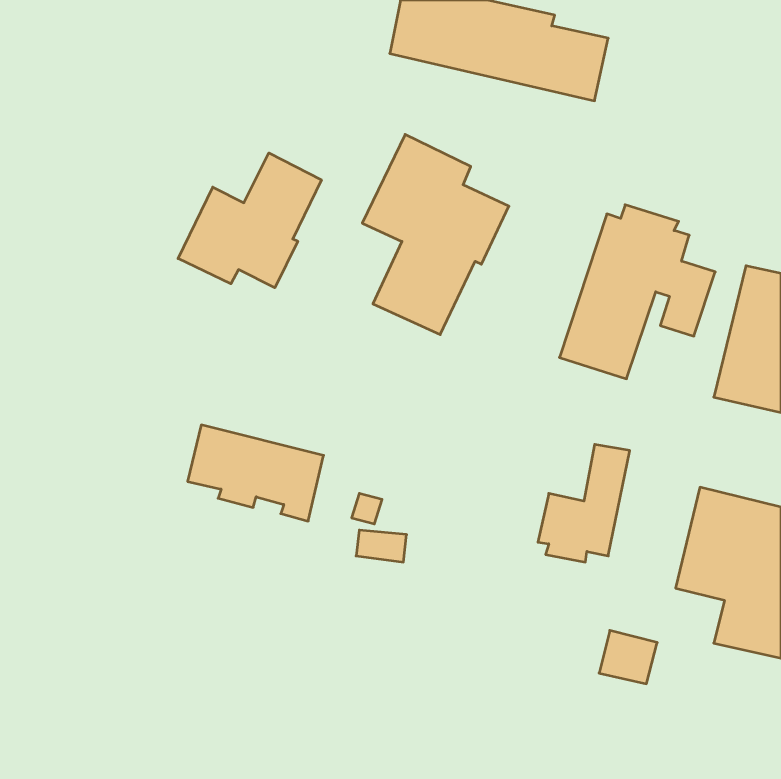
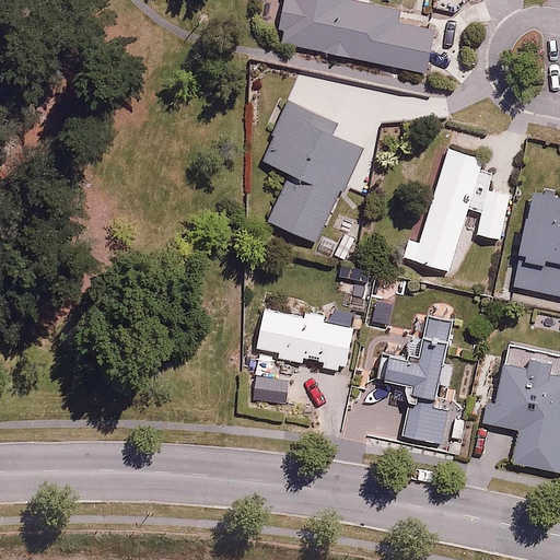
building: [178,153,321,288] -> none
building: [188,425,324,521] -> [255,306,352,375]
building: [599,630,657,684] -> [405,406,446,444]

